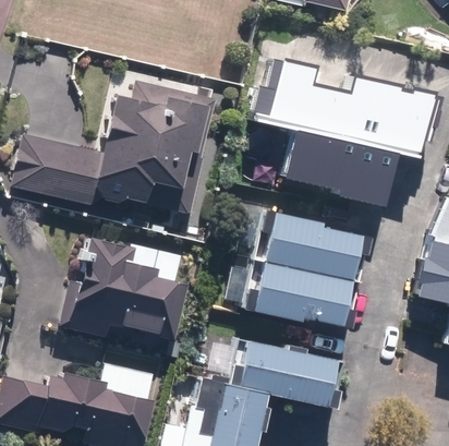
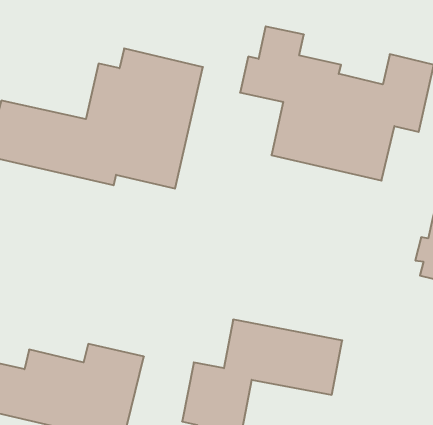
building: [254,212,355,327] -> none
building: [68,236,187,338] -> none

